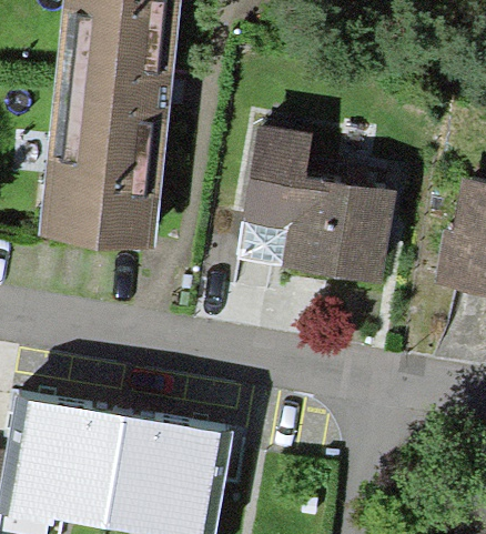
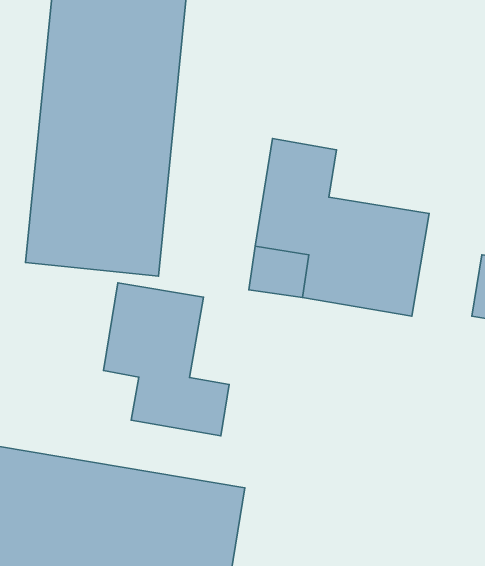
building: none -> [103,283,229,436]

